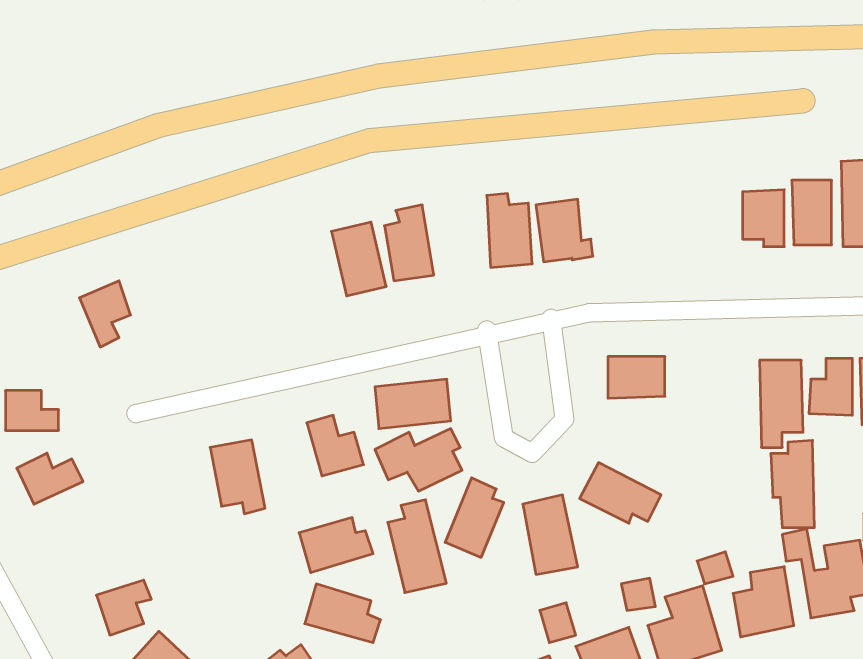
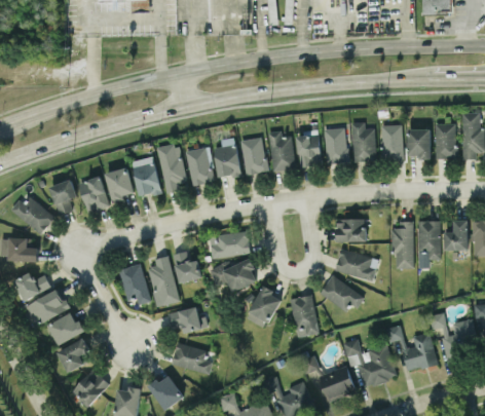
building: none -> [351,121,376,161]
building: none -> [380,124,403,160]
building: none -> [325,127,347,163]
building: none -> [241,137,266,175]
building: none -> [156,143,187,193]
building: none -> [132,156,161,197]
building: none -> [105,166,134,202]
building: none -> [78,176,109,213]
building: none -> [10,192,53,233]
building: none -> [335,250,378,279]
building: [771,440,814,528] -> [389,221,413,268]
building: none -> [28,288,68,324]
building: [388,500,446,593] -> [147,256,179,306]
building: none -> [48,311,83,344]

